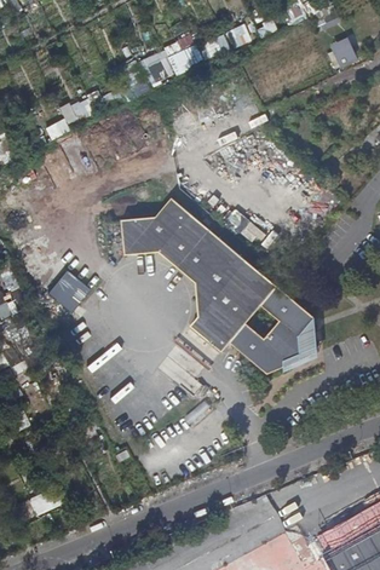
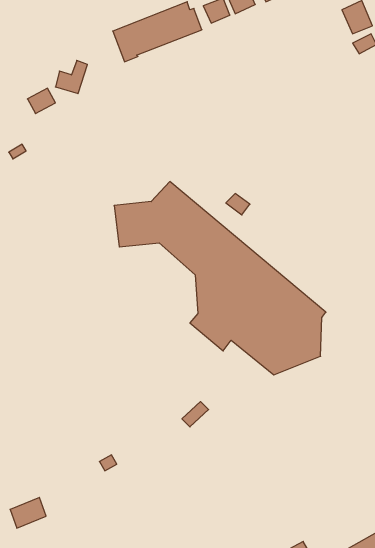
building: [48,270,91,312] -> none

